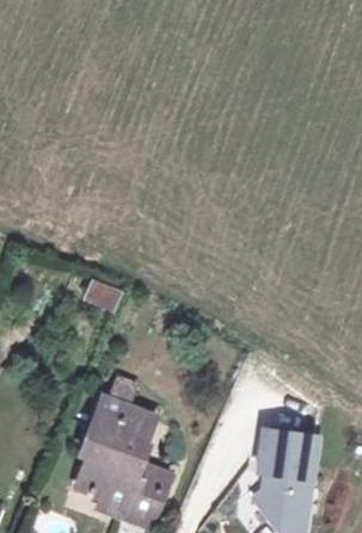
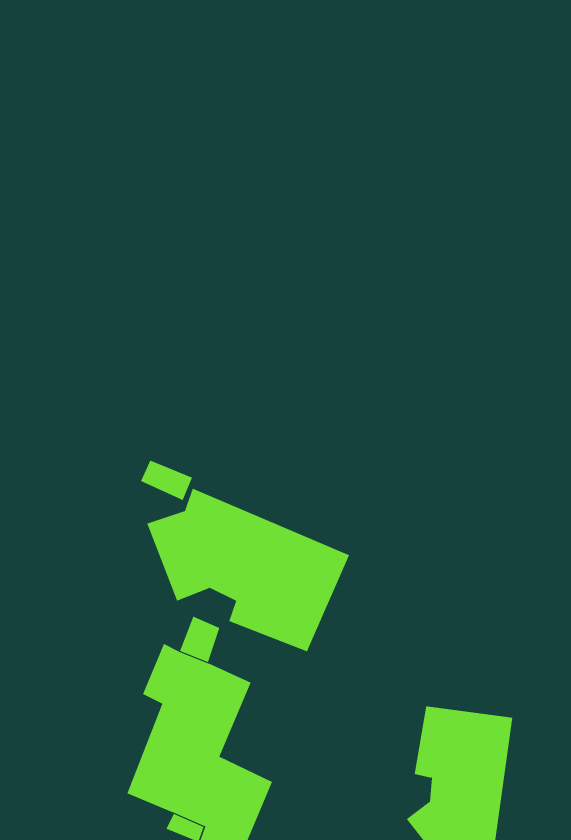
building: none -> [146,488,350,652]

